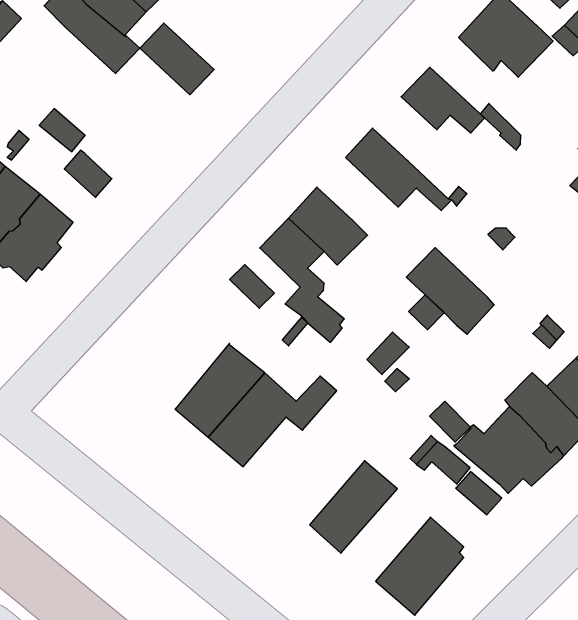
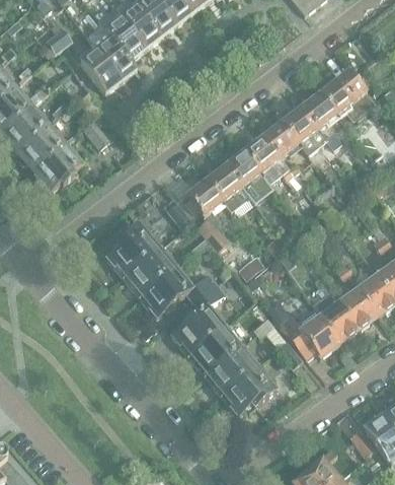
building: [140,23,214,95] -> [81,48,122,91]
building: none -> [302,91,337,128]
building: none -> [263,120,300,157]
building: [406,248,494,334] -> [226,149,273,202]
building: none -> [104,225,161,277]
building: none -> [172,282,227,356]
building: none -> [205,344,259,395]

